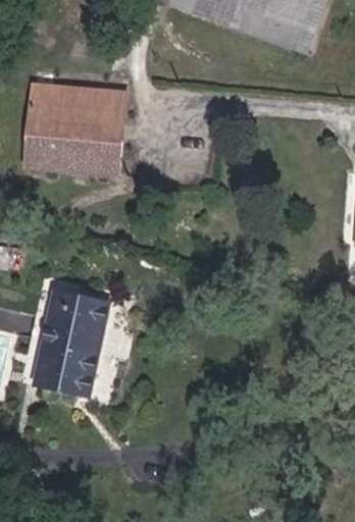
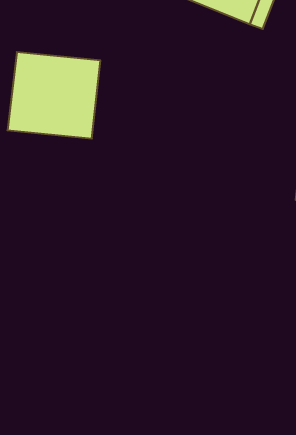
building: [40,294,114,398] -> none

